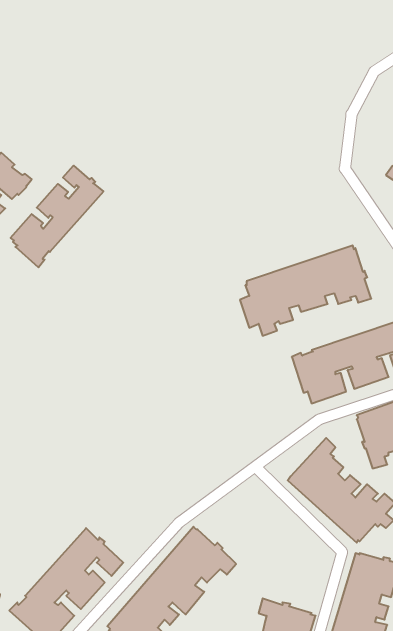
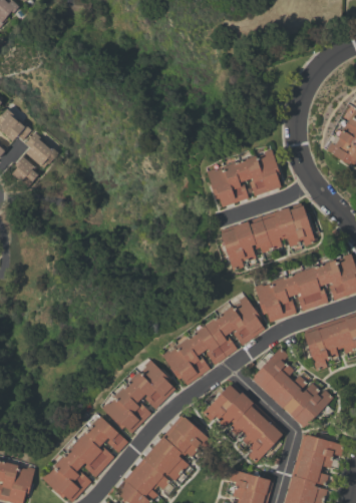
building: [11,166,103,267] -> none
building: none -> [207,149,281,207]
building: none -> [161,296,265,385]
building: none -> [102,360,175,433]
building: none -> [203,383,284,463]

